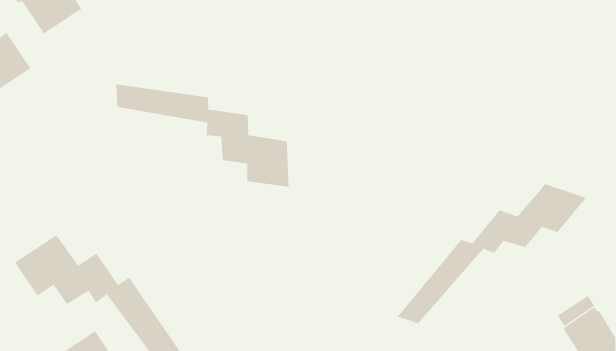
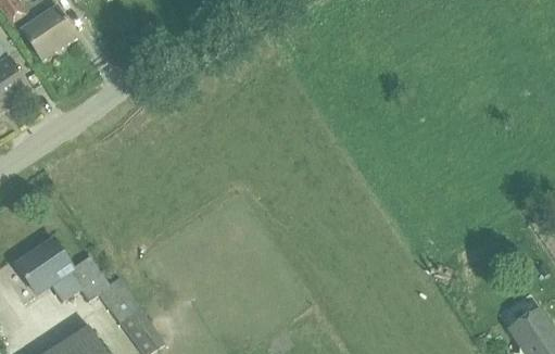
building: [116,83,289,188] -> none
building: [397,184,587,324] -> none

